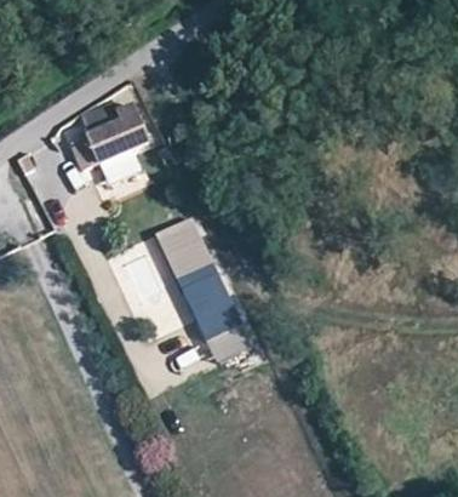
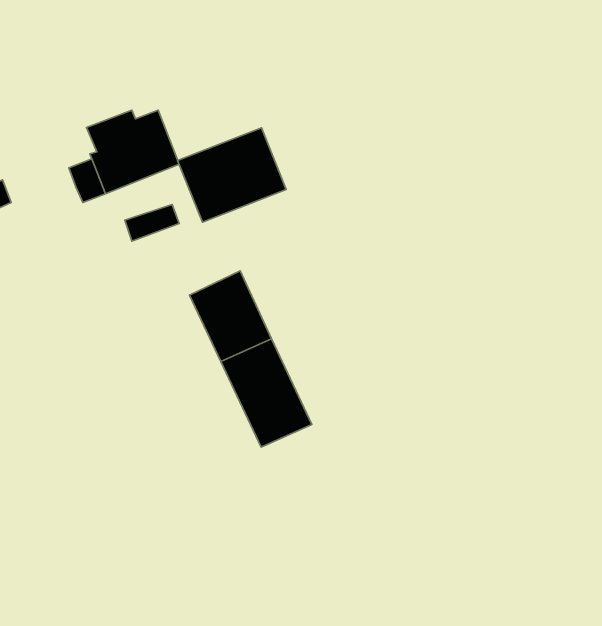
building: none -> [178,128,286,222]

